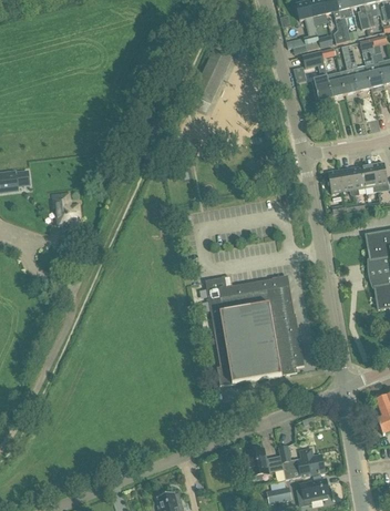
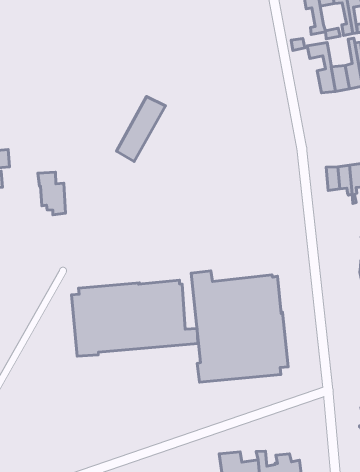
building: [188,48,233,111] -> [116,96,165,162]
building: none -> [72,280,198,356]

